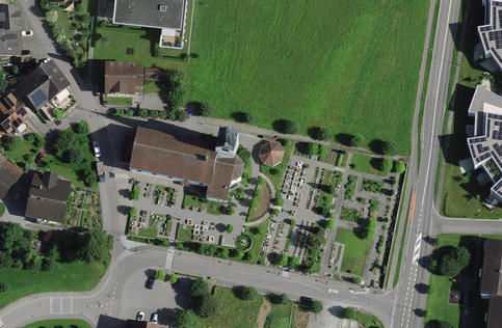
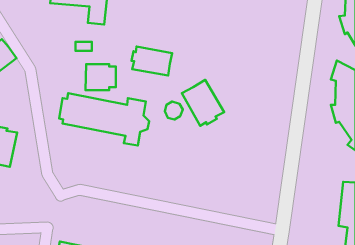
building: [105,60,143,93] -> [85,64,116,90]
building: none -> [132,46,172,75]
building: none -> [182,80,224,126]

